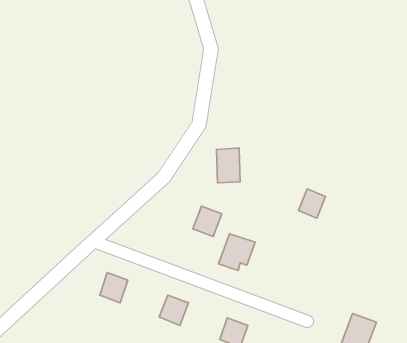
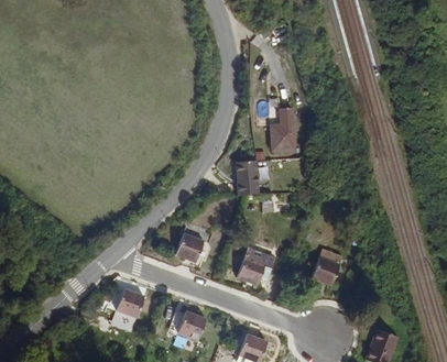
building: none -> [271,108,295,154]
building: [299,189,326,218] -> [312,254,339,284]
building: [193,206,222,236] -> [175,231,205,262]

